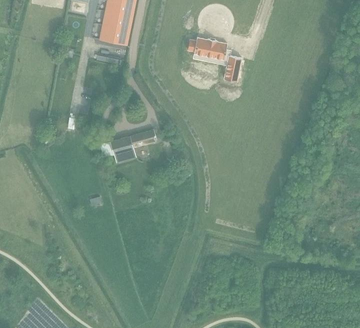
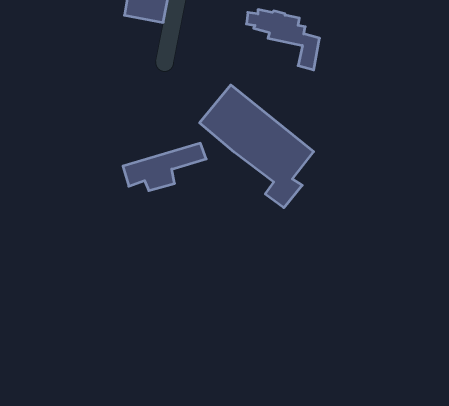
building: none -> [200,85,314,208]

